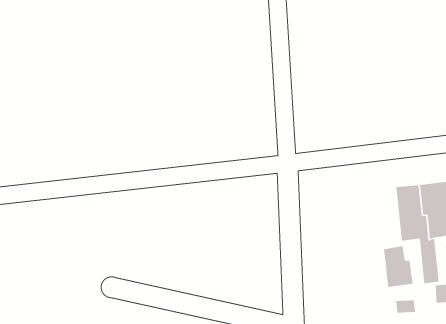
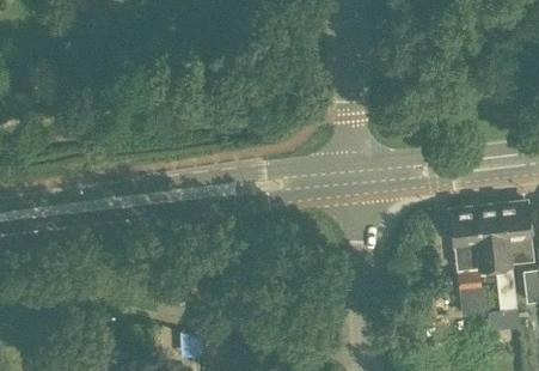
building: none -> [452,212,478,272]

